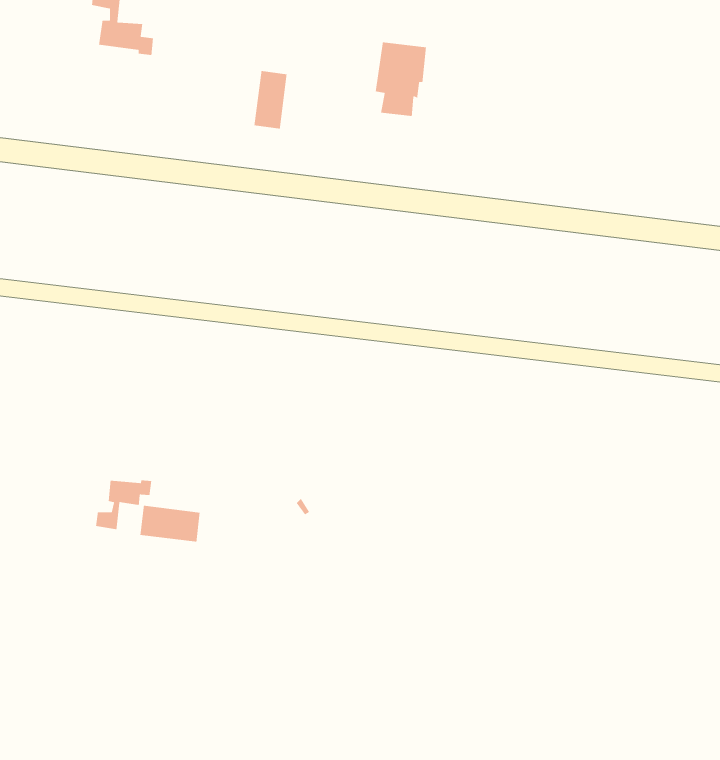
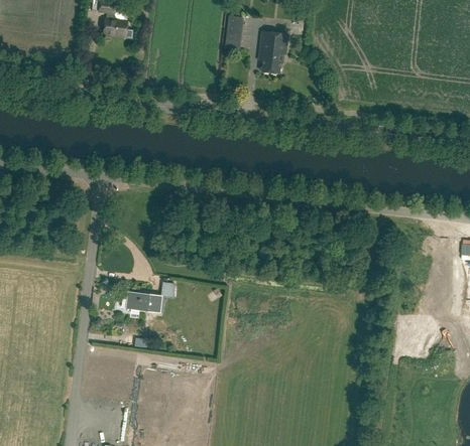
building: [254,70,288,130] -> [225,15,244,48]
building: [95,480,152,530] -> none

